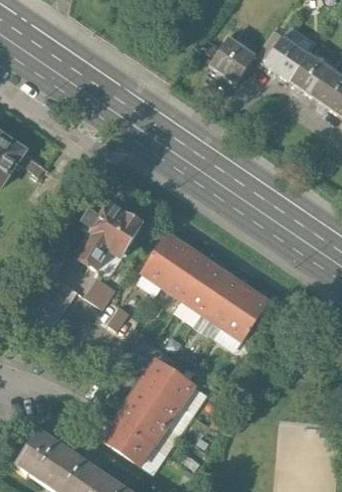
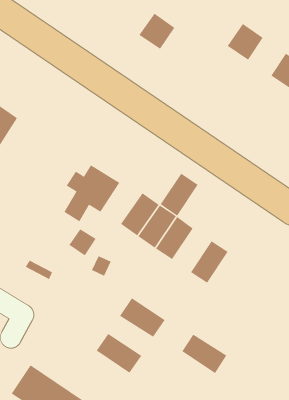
building: [210,40,252,83] -> [138,13,175,50]
building: [291,55,333,99] -> none
building: [203,275,247,325] -> [160,173,198,216]
building: [129,375,181,422] -> [182,334,227,374]
building: [102,416,154,462] -> none

